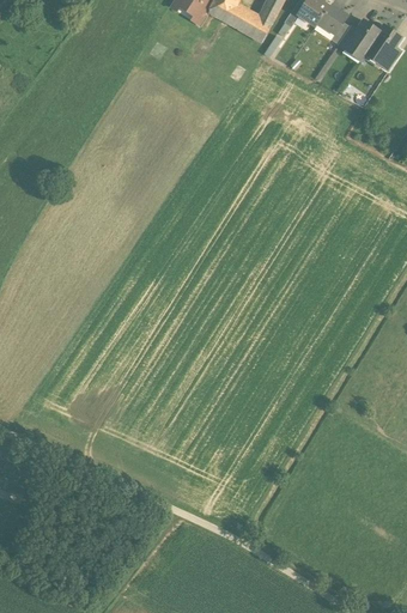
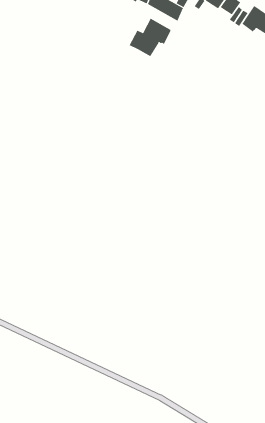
building: none -> [129,18,175,58]

